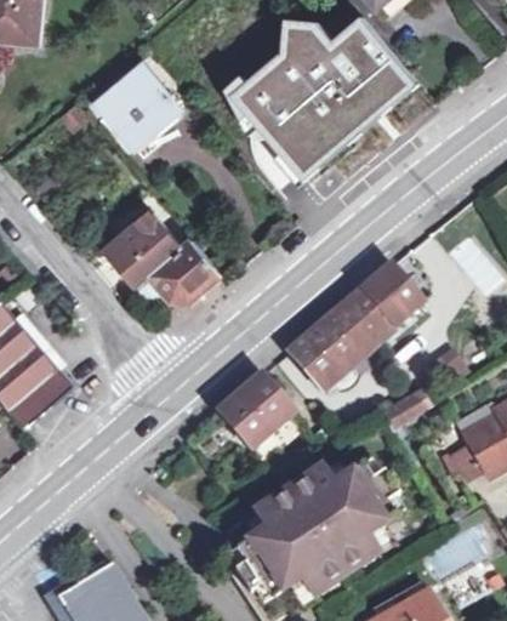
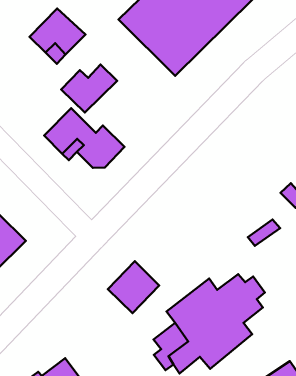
building: none -> [61,65,117,113]
building: [290,263,422,387] -> none
building: [220,374,292,446] -> [108,261,159,313]

